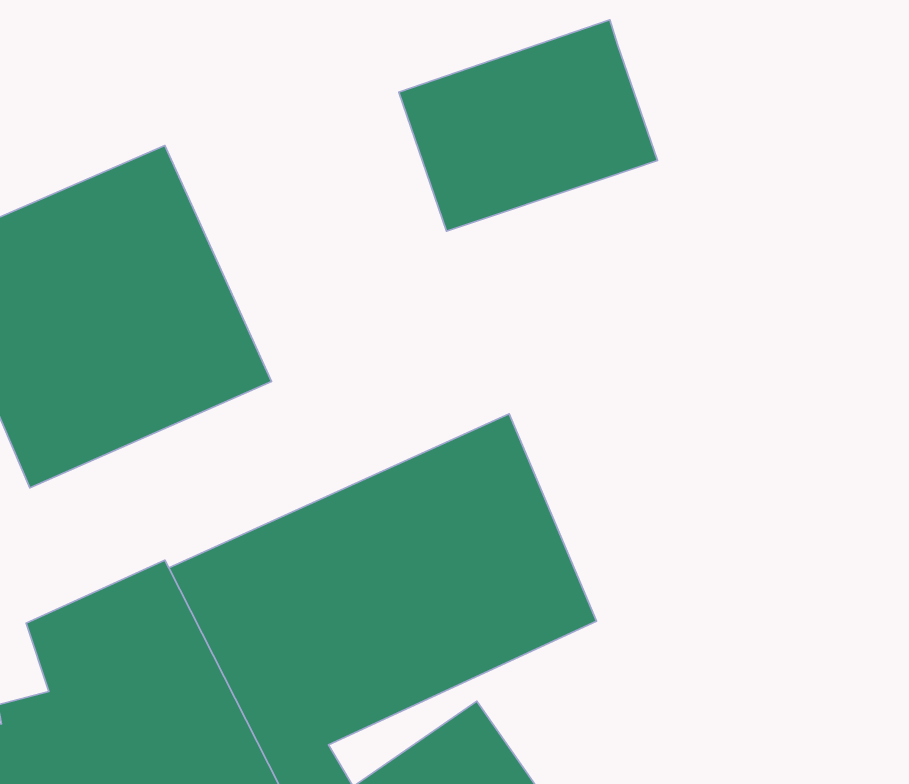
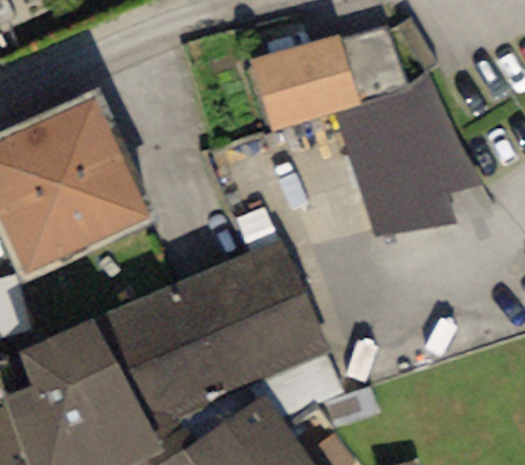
building: none -> [331,28,456,226]

